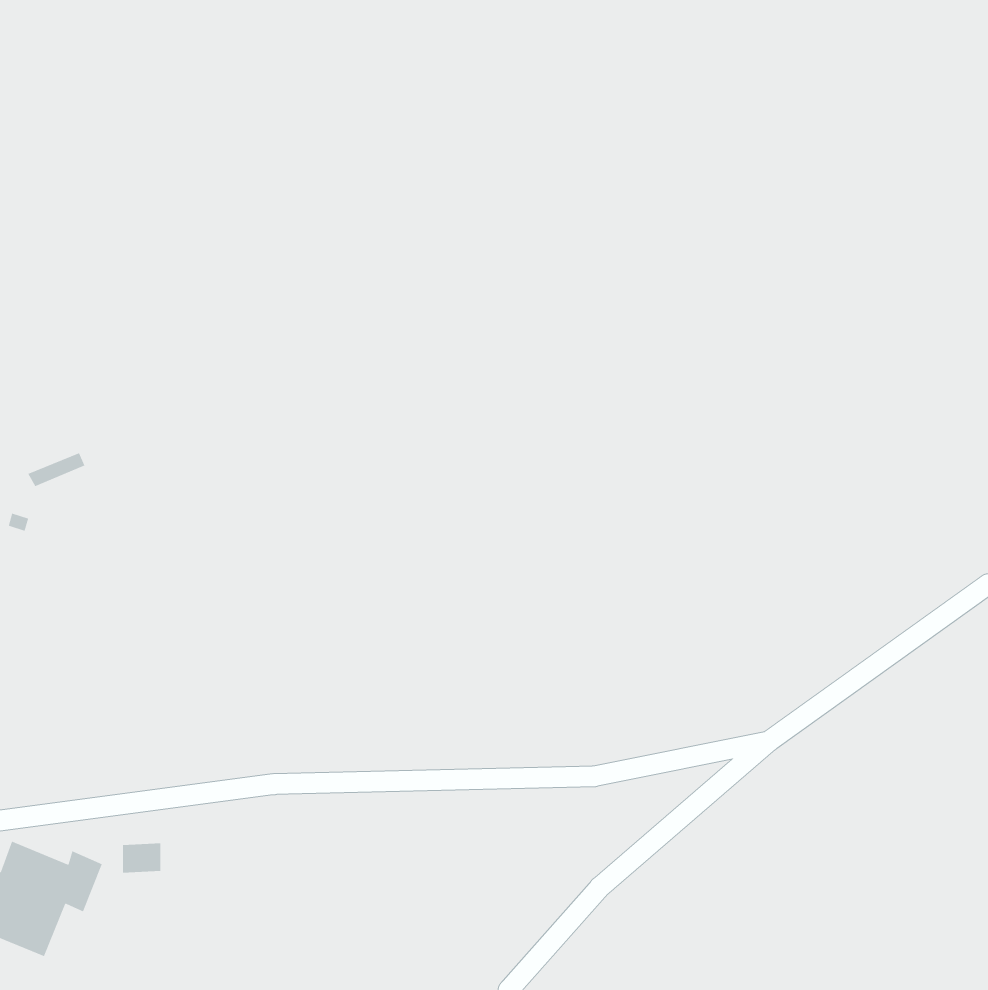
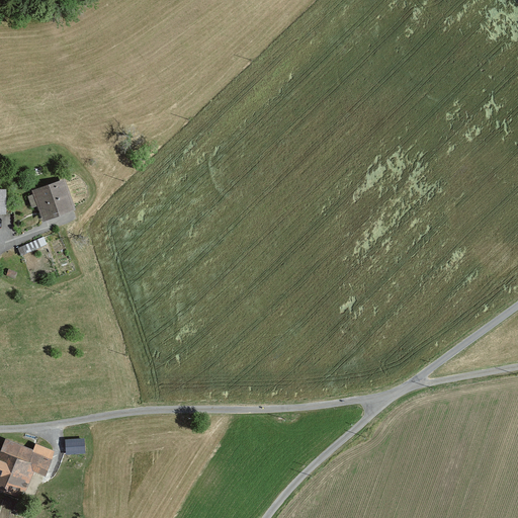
building: none -> [30,179,74,222]

